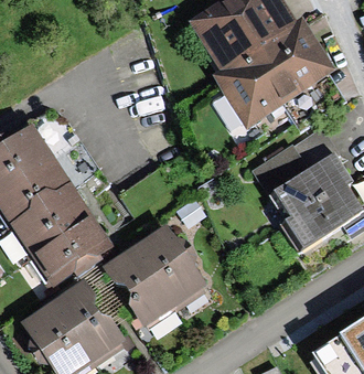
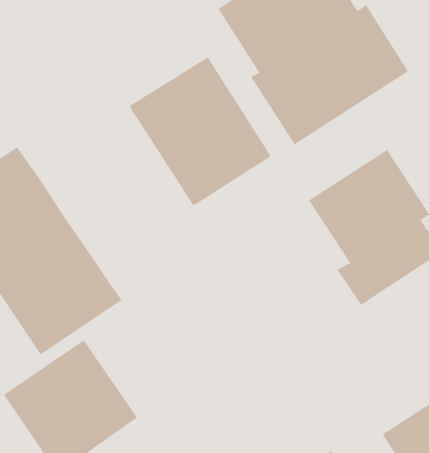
building: none -> [129,57,271,207]
building: [101,224,206,328] -> none

